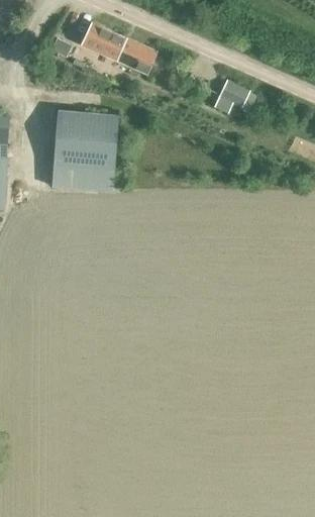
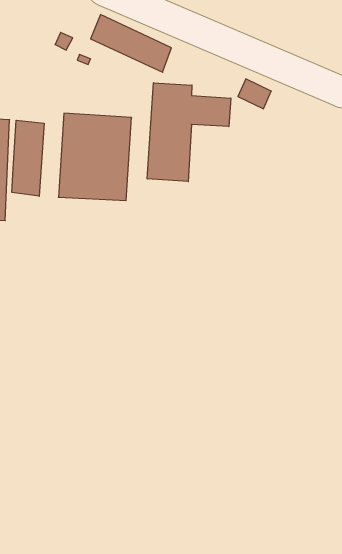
building: none -> [147,83,231,182]
building: none -> [12,120,44,196]

